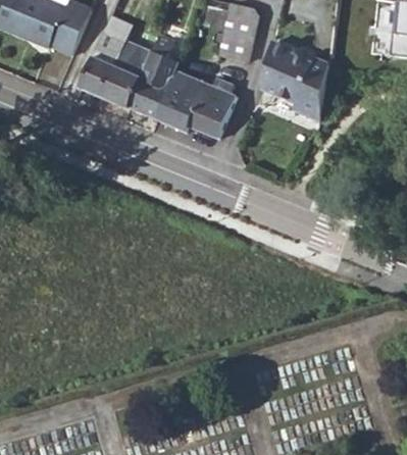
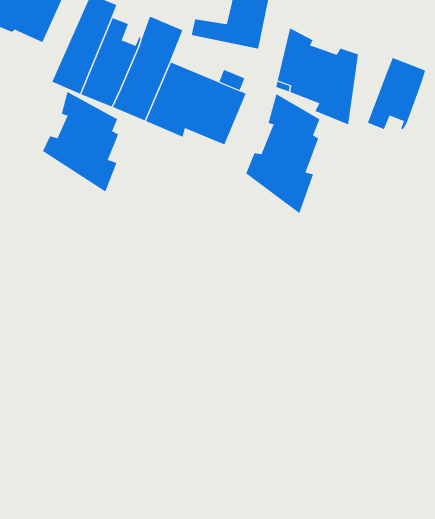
building: none -> [367,57,426,130]
building: none -> [42,91,119,193]
building: none -> [245,93,320,214]

